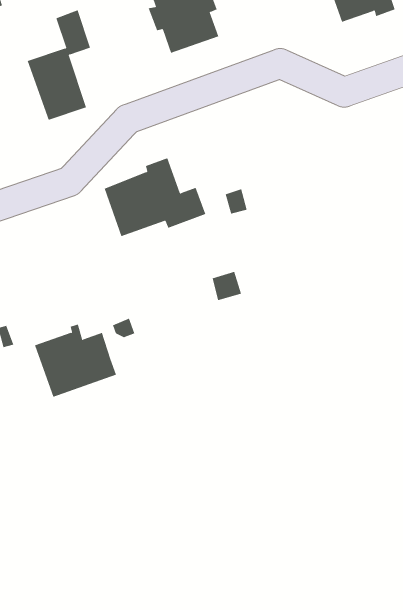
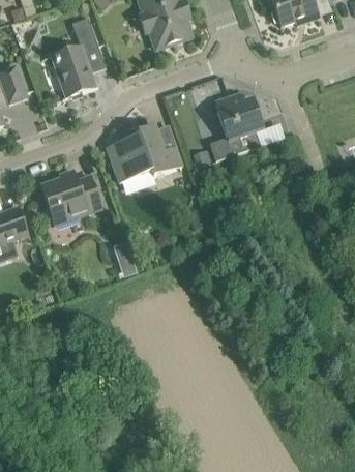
building: none -> [209,92,263,161]
building: [34,324,117,398] -> [40,169,100,223]

